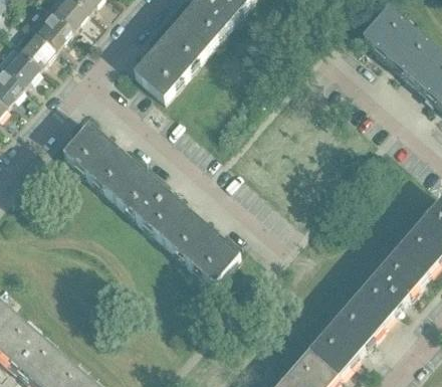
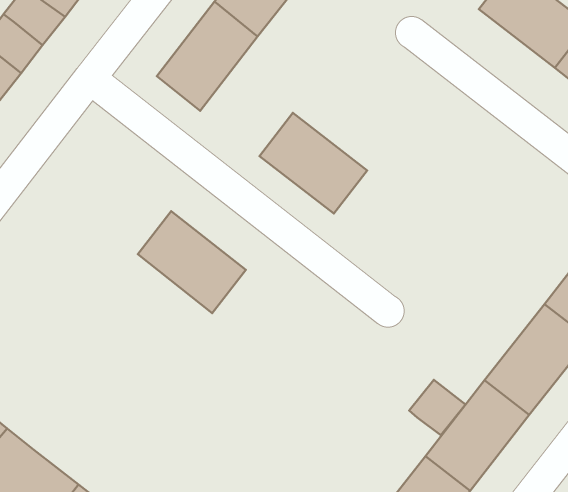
building: [63,123,139,196] -> none
building: [164,211,239,283] -> [259,113,367,214]
building: none -> [409,380,466,435]

